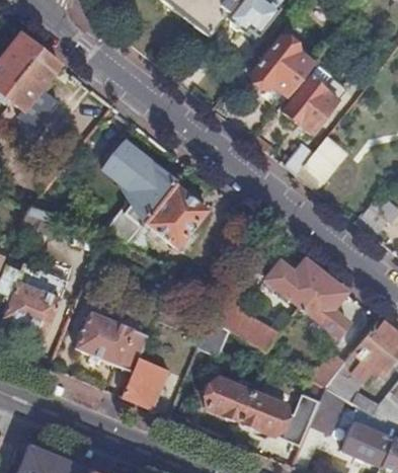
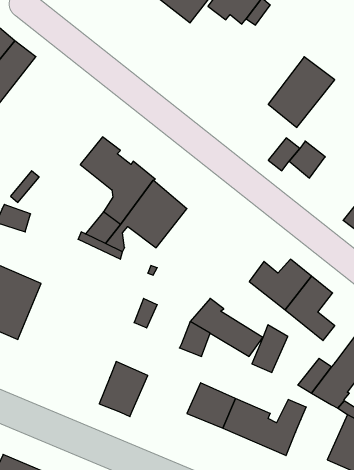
building: [251,34,315,94] -> none
building: [76,312,148,372] -> none
building: [311,387,345,432] -> [252,325,288,372]

